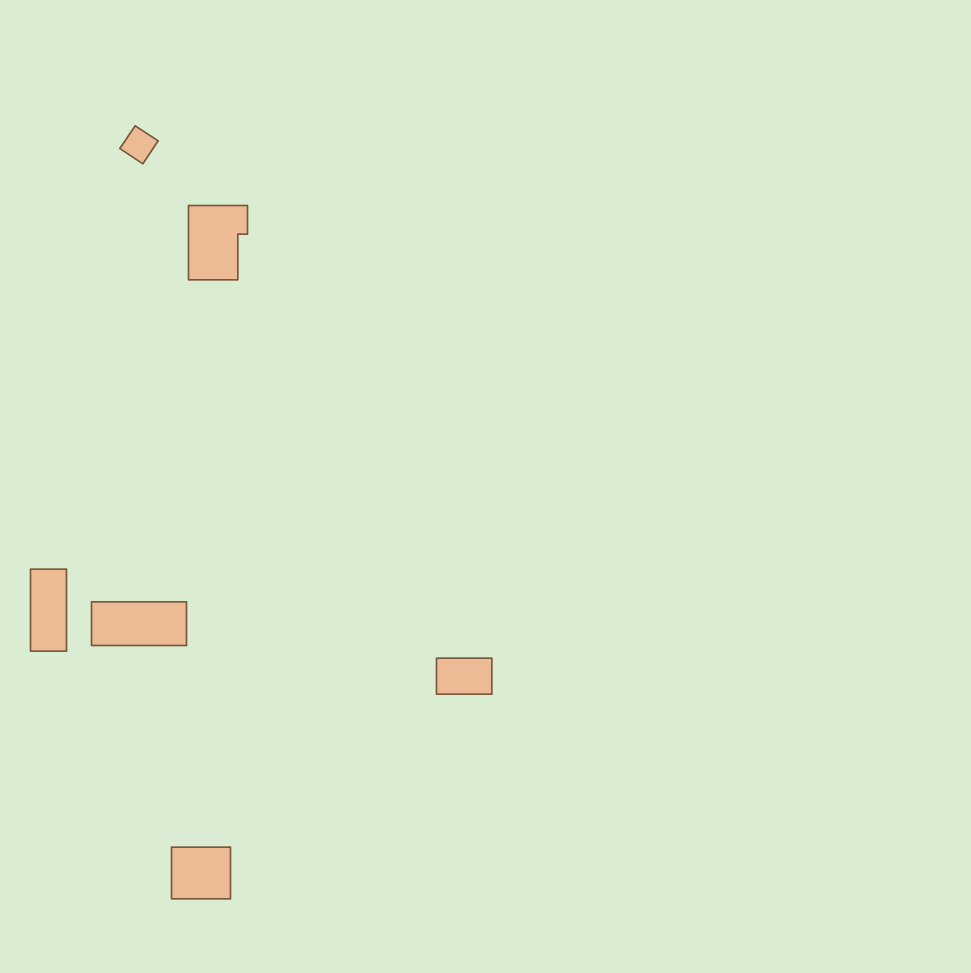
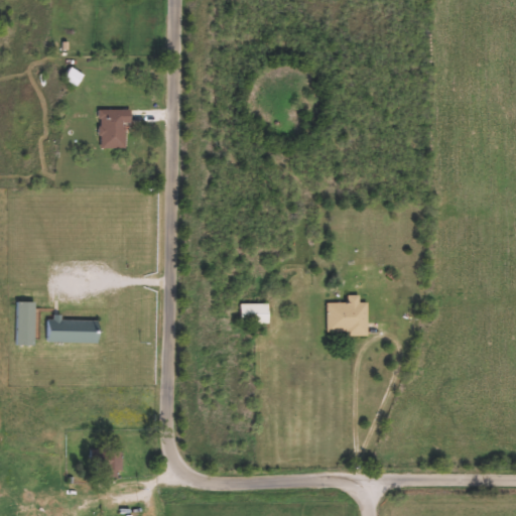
building: none -> [326,295,367,335]
building: [437,658,492,694] -> [240,303,269,322]

